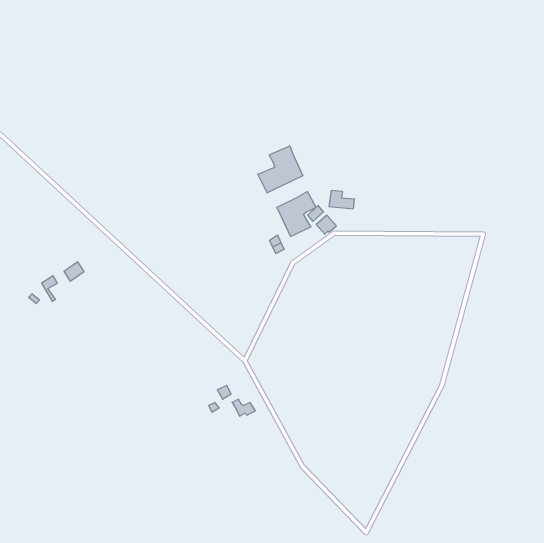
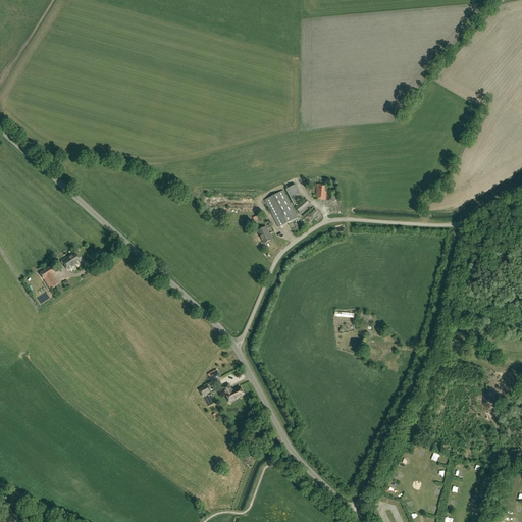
building: [258,146,303,193] -> none

